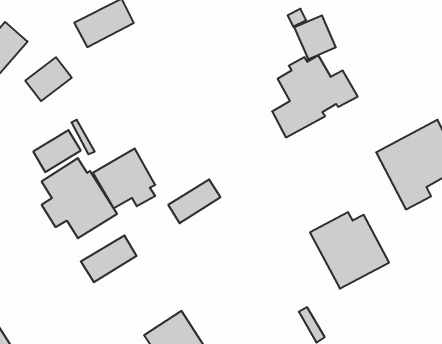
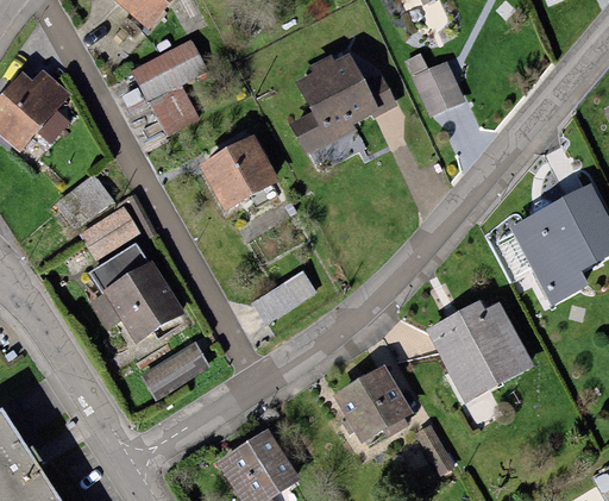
building: none -> [147,83,200,136]
building: [272,55,358,137] -> [289,51,398,156]
building: [25,57,72,101] -> [55,174,114,230]
building: [93,148,155,208] -> [200,133,280,209]
building: none -> [339,377,412,450]

